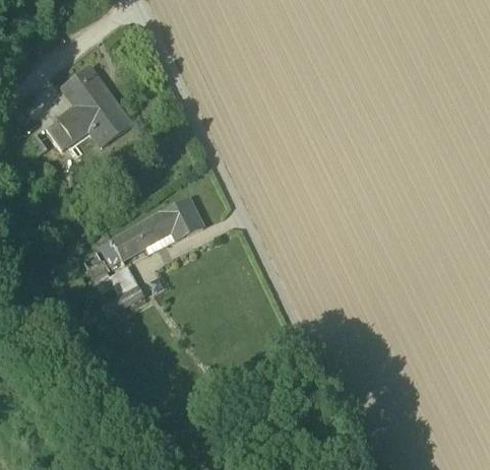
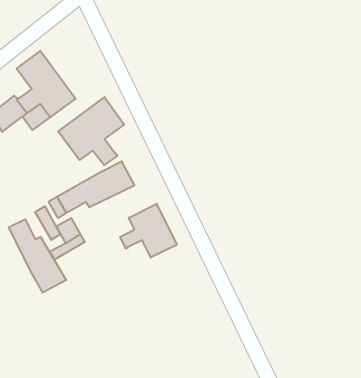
building: none -> [58,97,124,165]
building: none -> [120,204,177,258]
building: none -> [9,219,66,293]

